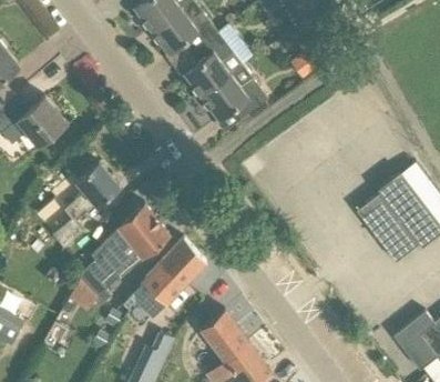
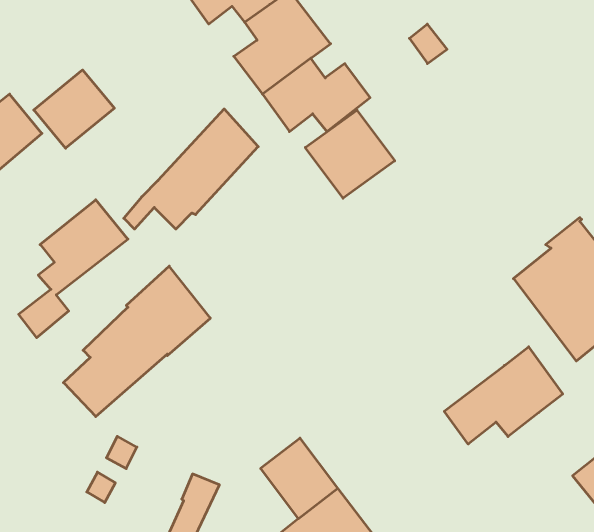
building: none -> [34,70,114,148]
building: none -> [305,110,395,198]
building: [121,239,204,313] -> [124,109,258,229]
building: none -> [444,347,563,444]

